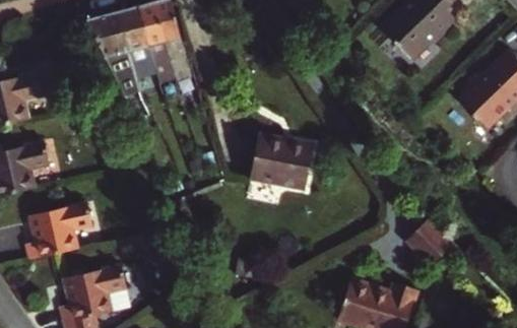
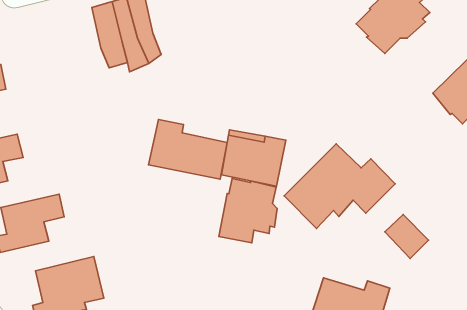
building: [90,14,141,93] -> none
building: none -> [148,120,227,179]
building: none -> [284,144,395,228]
building: none -> [219,179,277,243]

